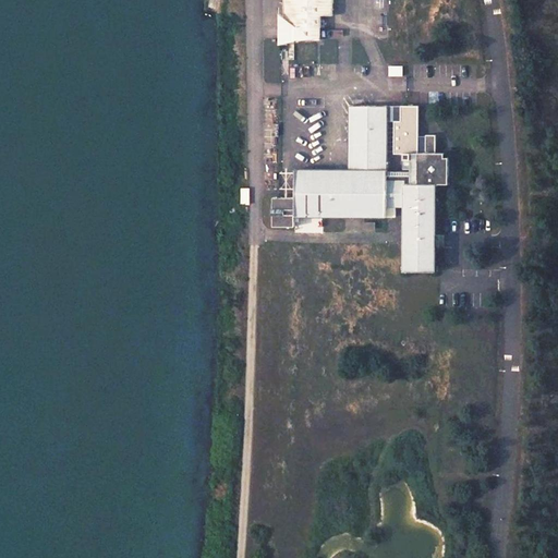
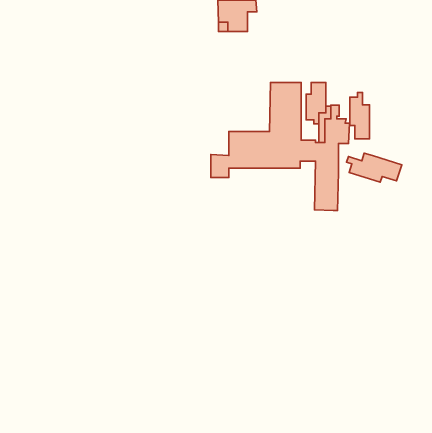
building: none -> [350,92,369,139]
building: none -> [347,153,402,182]

